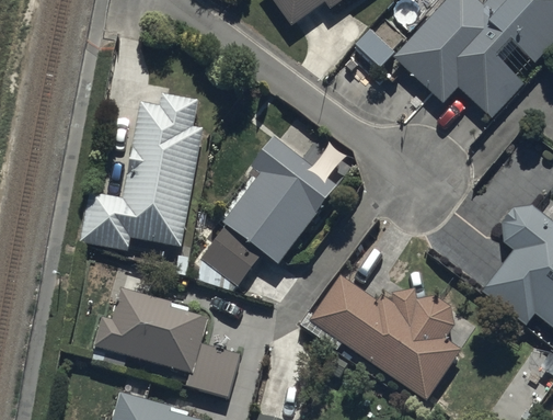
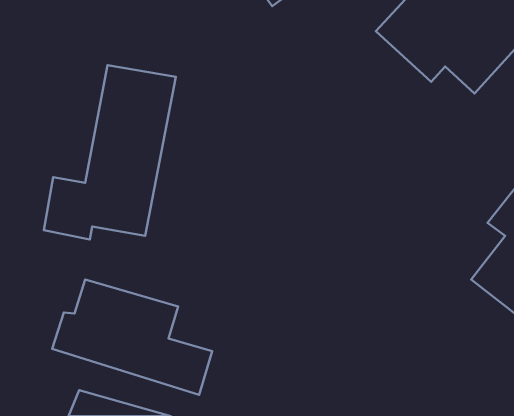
building: [198,140,338,283] -> none
building: [310,274,463,400] -> none

